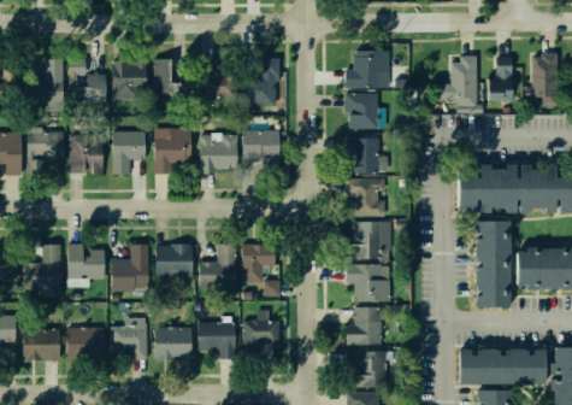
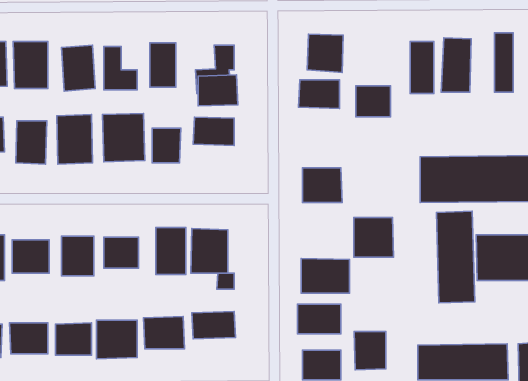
building: [343,137,377,168] -> [356,86,390,117]
building: [349,221,388,259] -> [354,218,394,257]
building: none -> [354,332,386,370]

